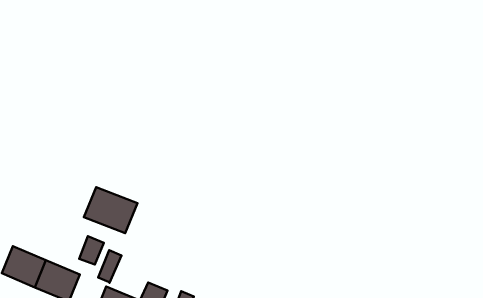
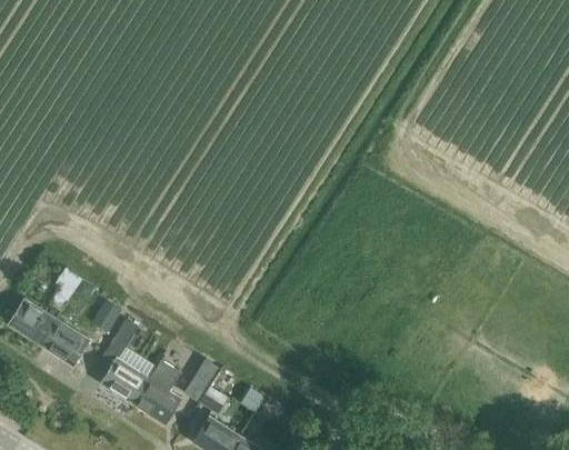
building: [84,187,138,233] -> none

